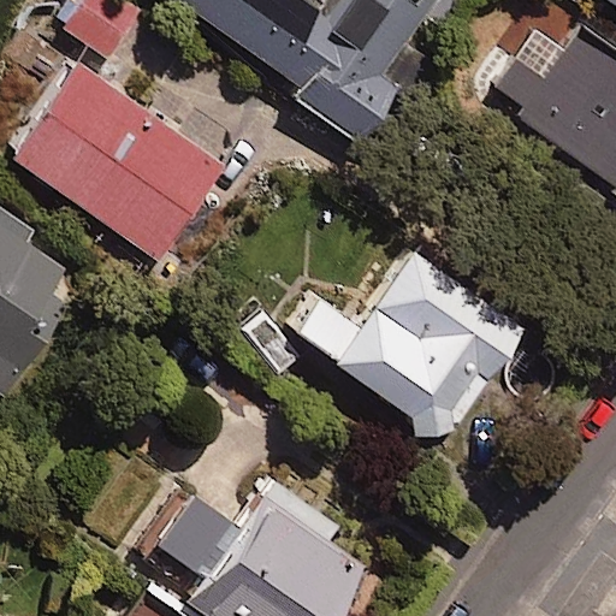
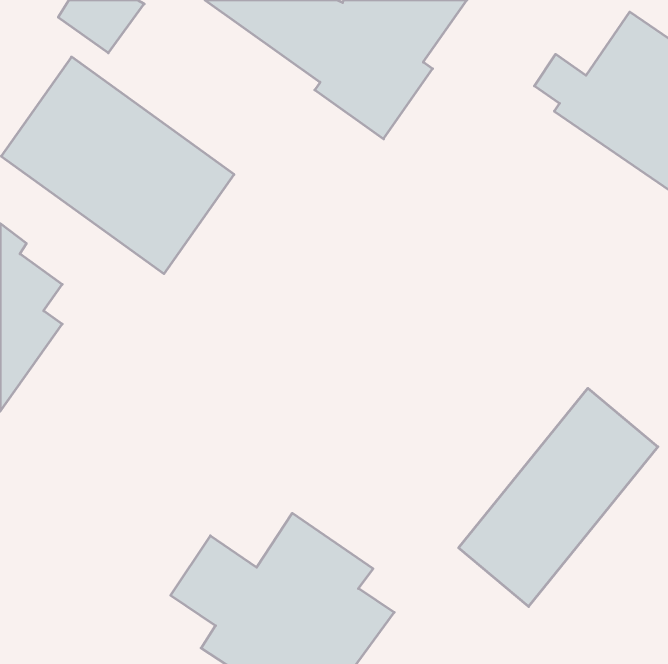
building: [290,243,520,426] -> none
building: none -> [459,388,658,607]

